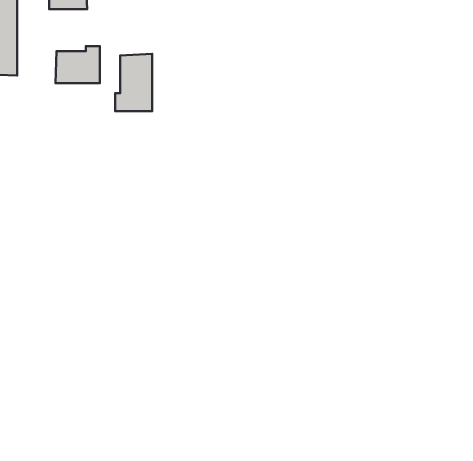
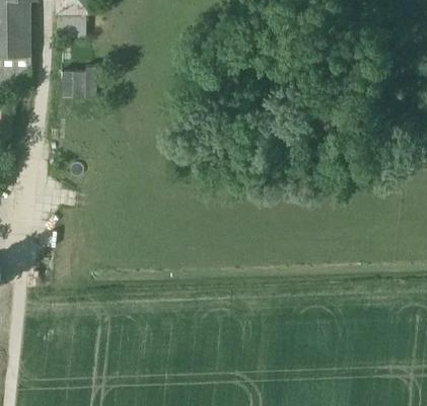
building: [115,54,152,111] -> none

